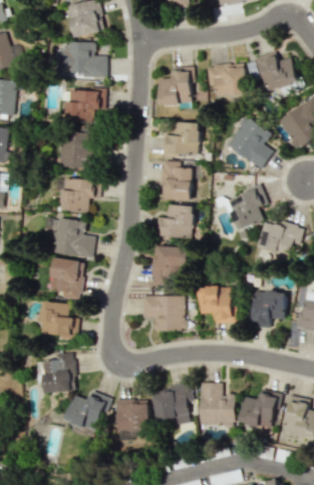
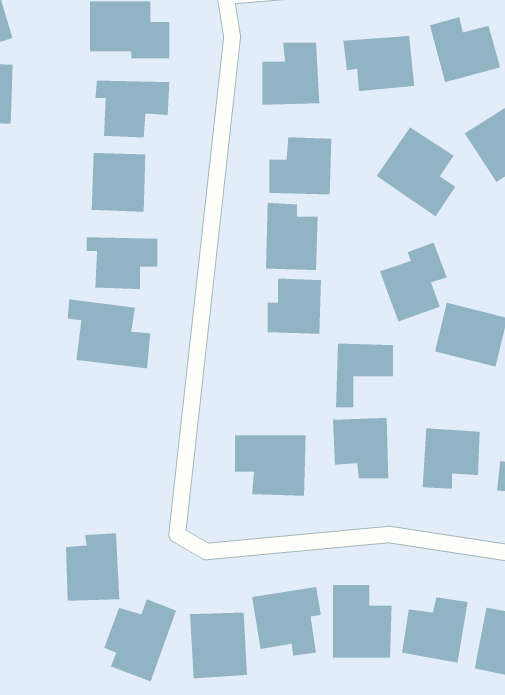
building: [155,247,190,285] -> [335,343,394,408]
building: [51,259,85,300] -> none
building: [41,302,79,337] -> none

